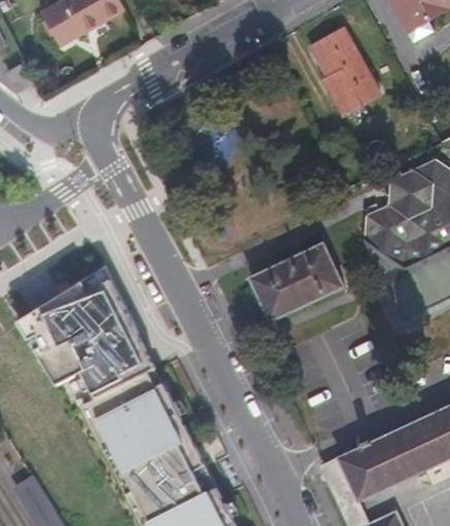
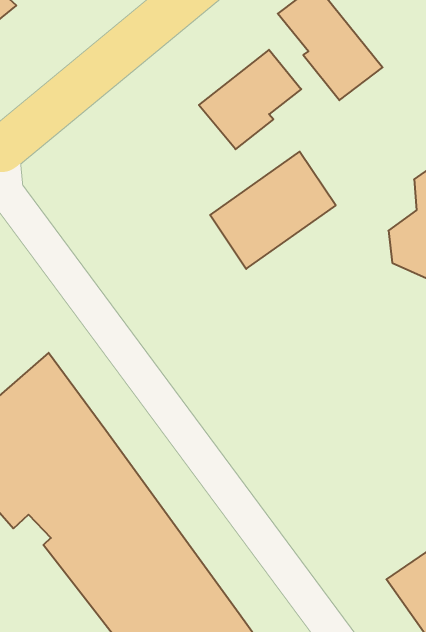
building: none -> [199,50,301,149]
building: [251,243,342,322] -> [210,152,336,269]

